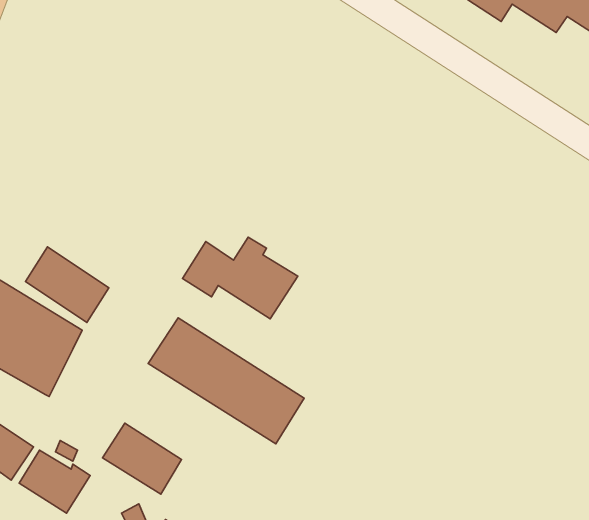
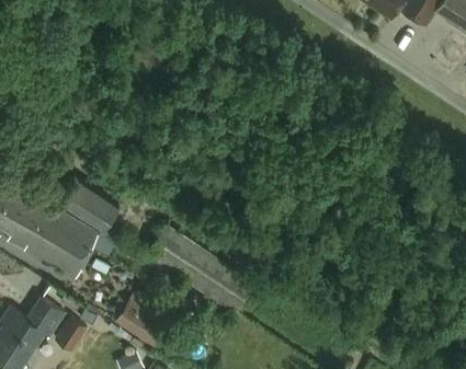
building: [183,237,298,319] -> none

